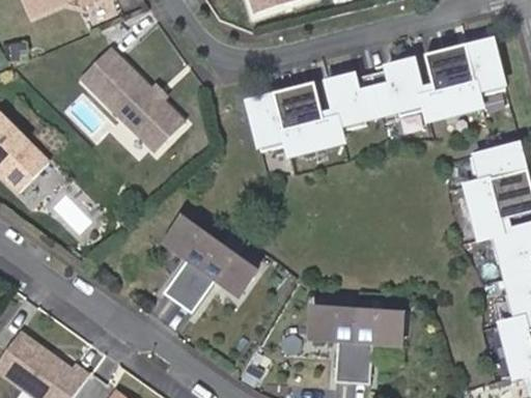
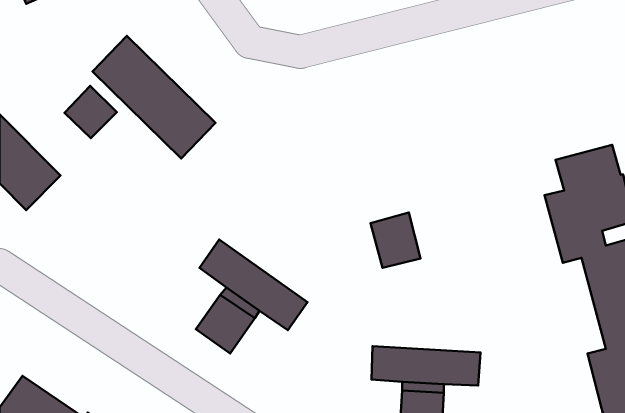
building: [246,36,503,157] -> none
building: none -> [64,86,117,138]
building: none -> [370,213,421,268]

